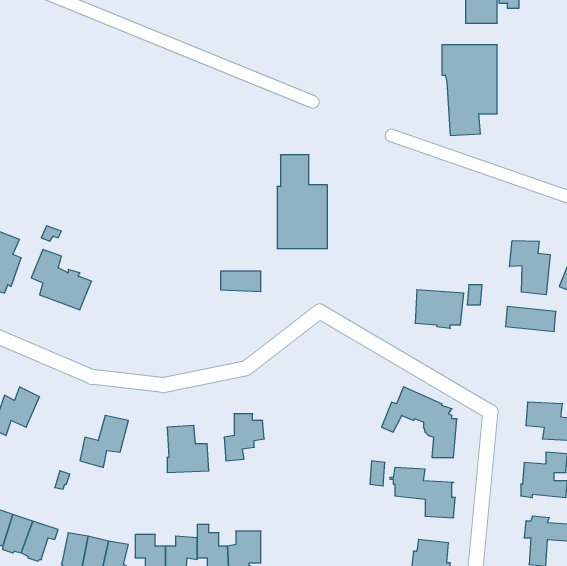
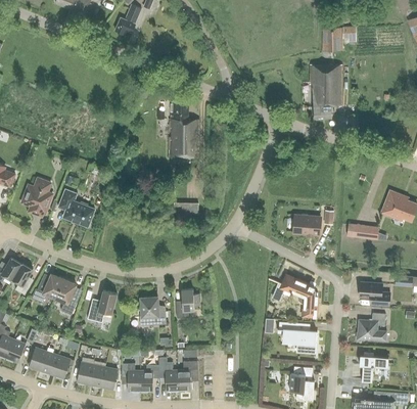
building: [277,155,327,249] -> [169,101,199,158]
building: [509,241,550,295] -> none
building: none -> [55,279,81,315]

